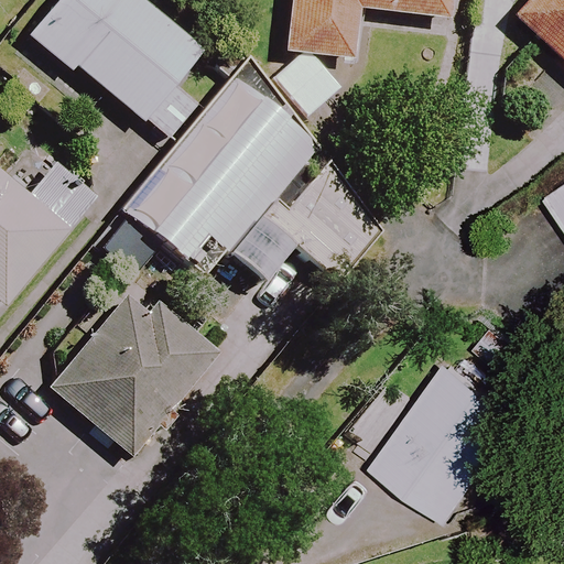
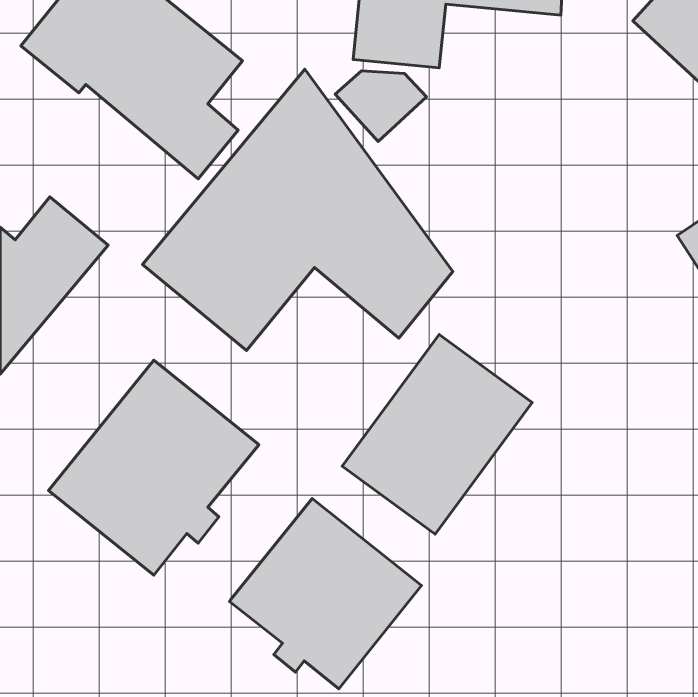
building: [376,354,527,512] -> [342,334,532,534]
building: none -> [229,498,421,689]

